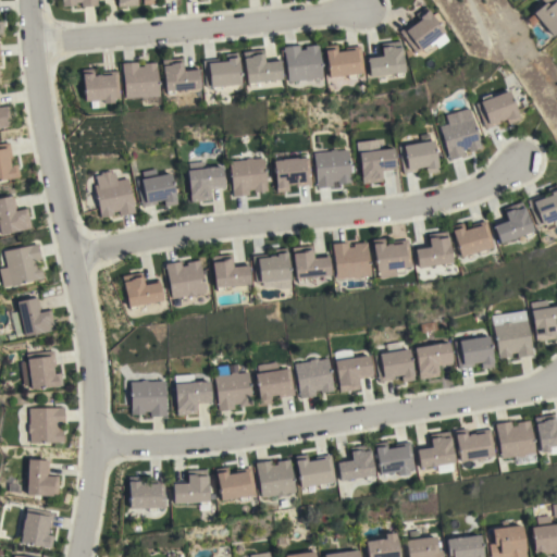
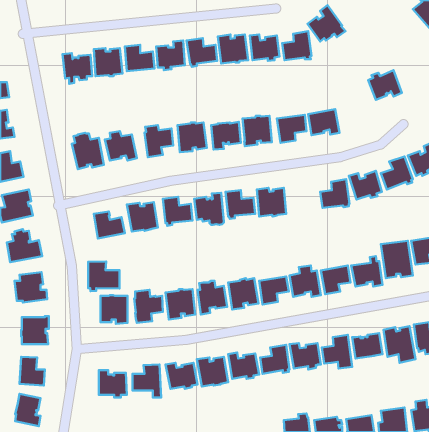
building: [441,108,484,160] -> none
building: [374,238,413,272] -> none
building: none -> [88,261,119,291]

